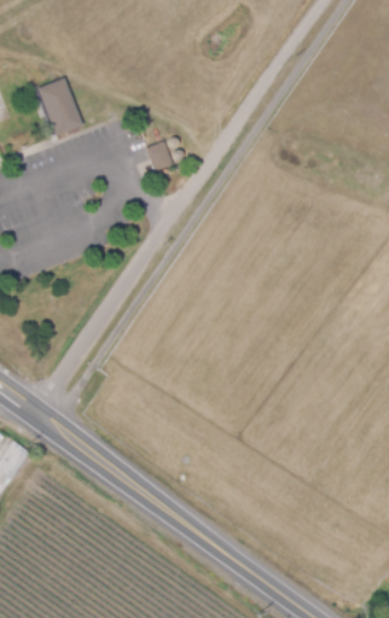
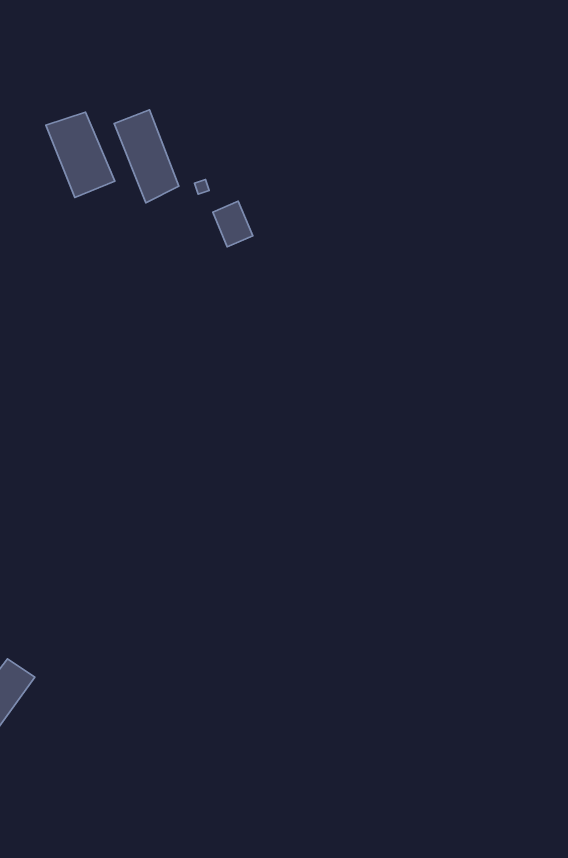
building: none -> [114,110,179,203]

